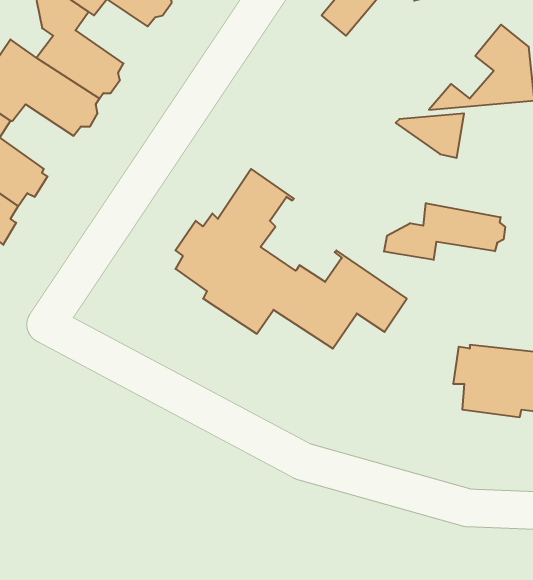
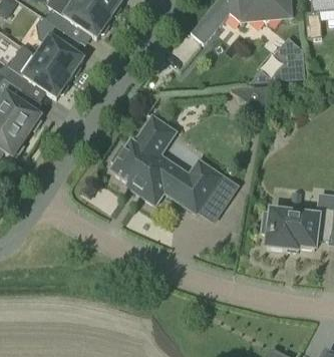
building: [384,203,505,260] -> none

